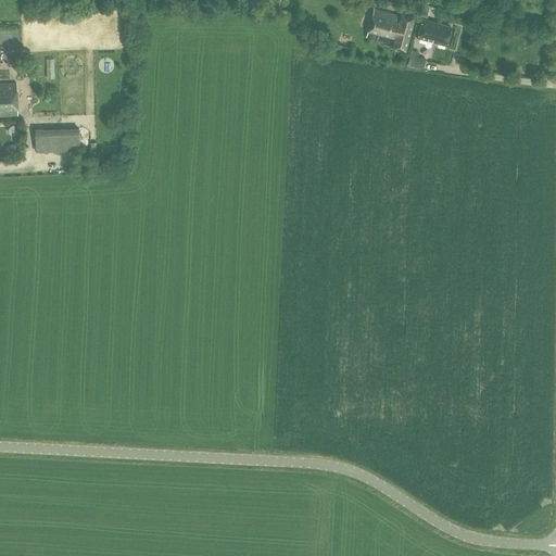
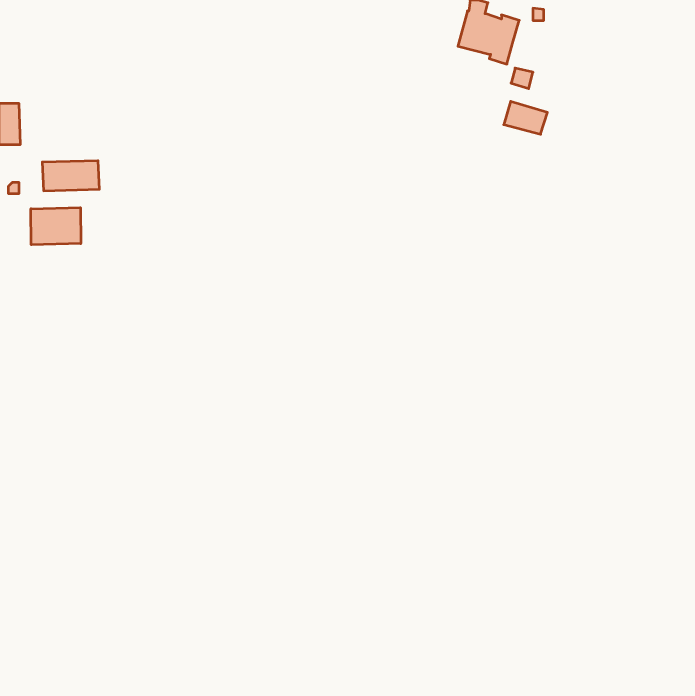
building: [416,18,451,45] -> [504,101,547,134]
building: none -> [31,208,81,245]

